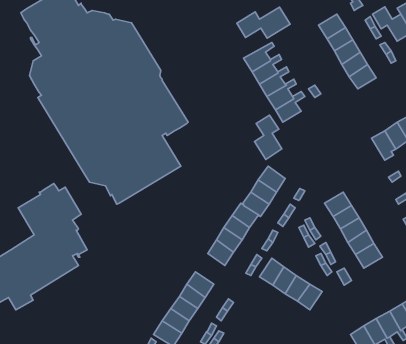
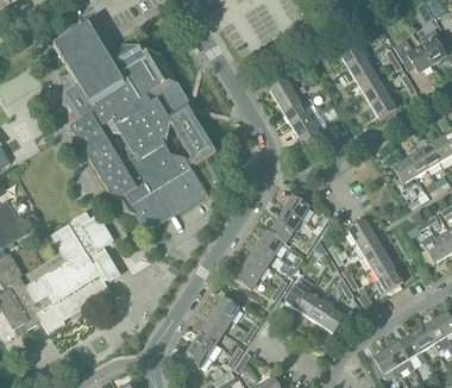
building: [237,7,290,38] -> none
building: [255,115,282,159] -> none

